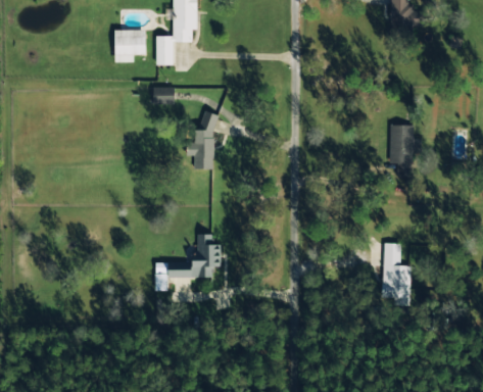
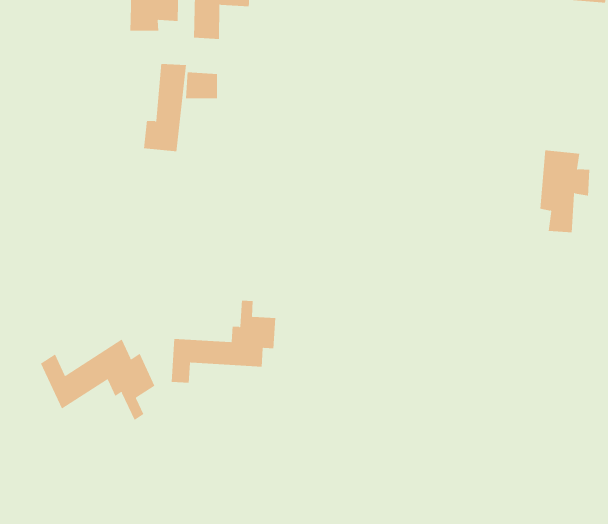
building: [190,112,215,169] -> [143,63,187,152]
building: [382,242,410,305] -> none
building: none -> [40,339,155,421]

